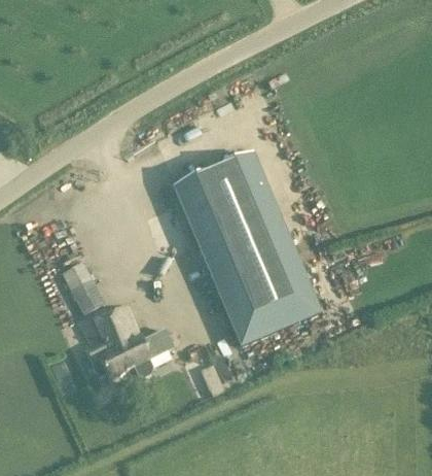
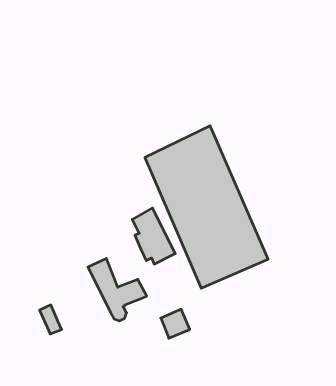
building: [63,262,107,315] -> none
building: [83,314,134,380] -> [132,208,175,264]

